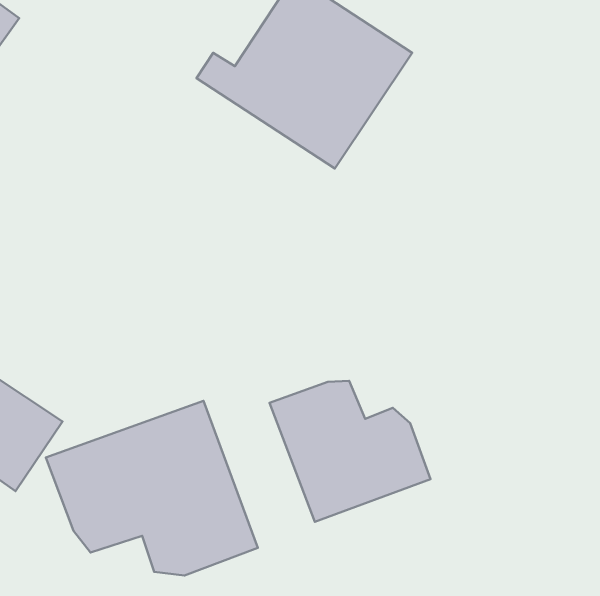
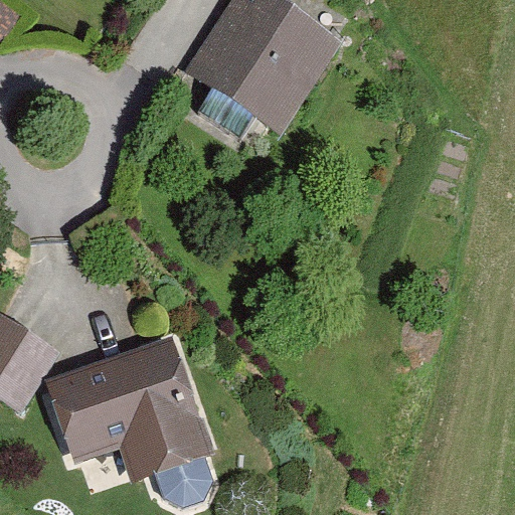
building: [270,381,430,522] -> none

